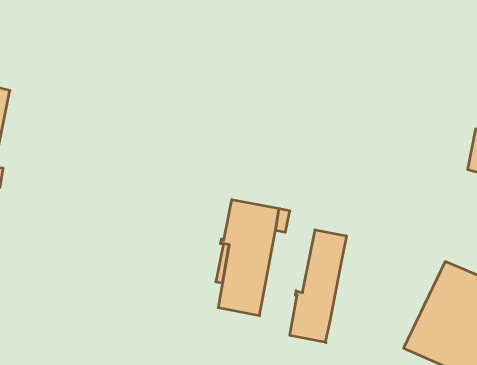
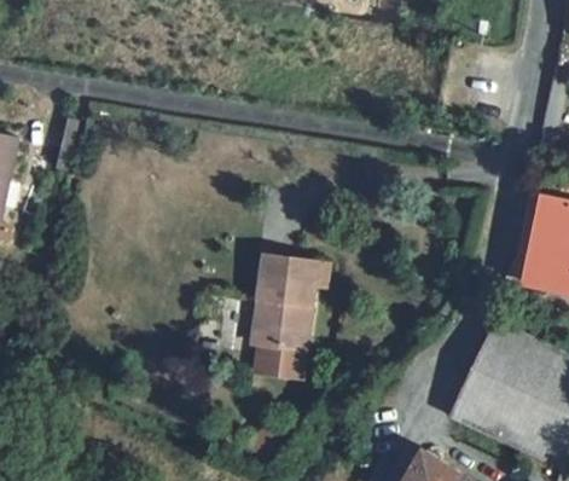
building: [290,230,346,343] -> none

